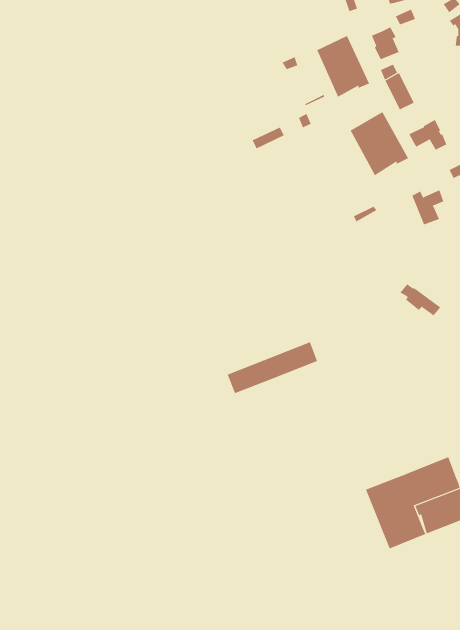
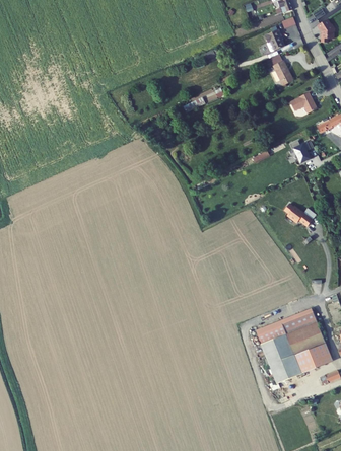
building: [317,35,370,97] -> none
building: [350,111,409,176] -> none
building: [227,342,318,394] -> [255,308,317,344]

